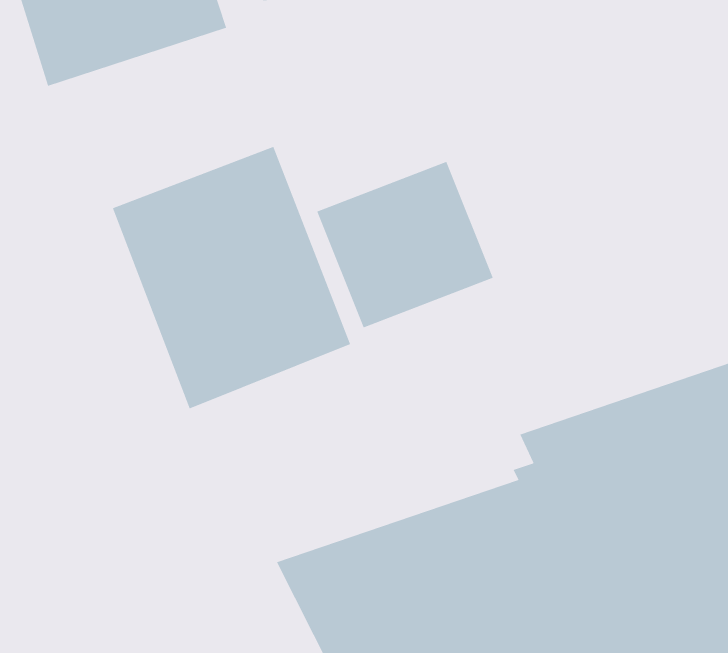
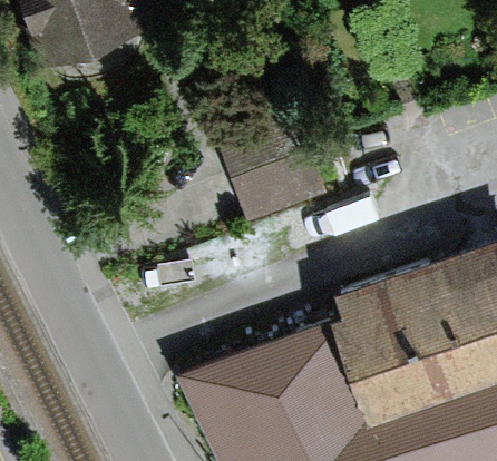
building: [112,146,351,409] -> none

